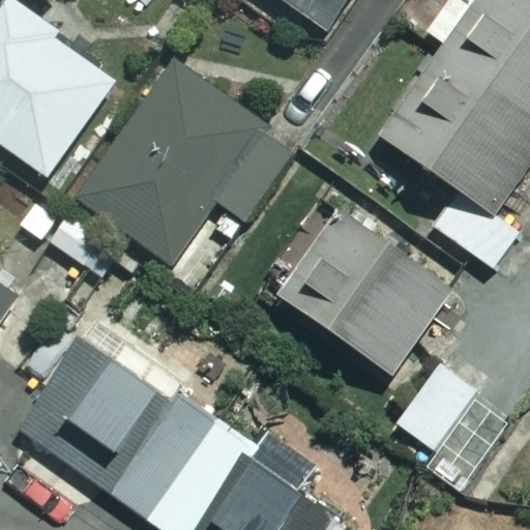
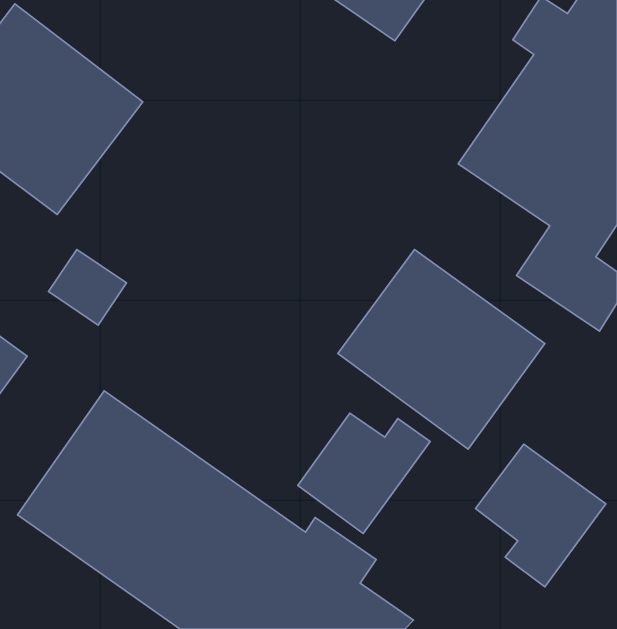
building: [79,62,289,262] -> none
building: none -> [298,413,430,533]

